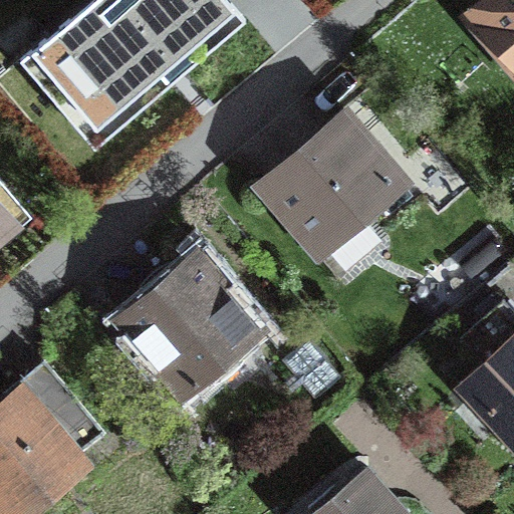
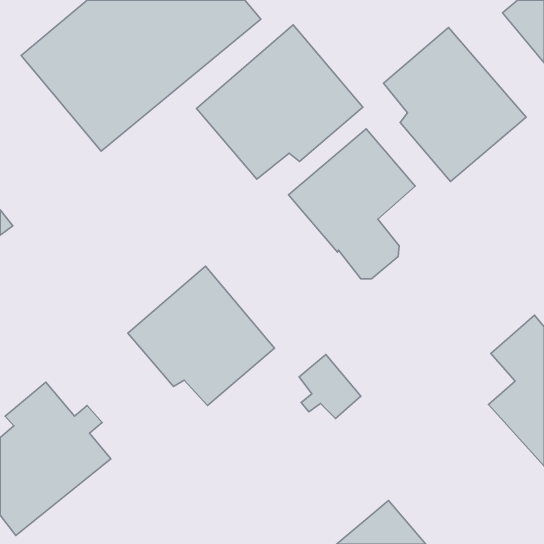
building: none -> [197,25,363,179]
building: none -> [384,27,526,182]

